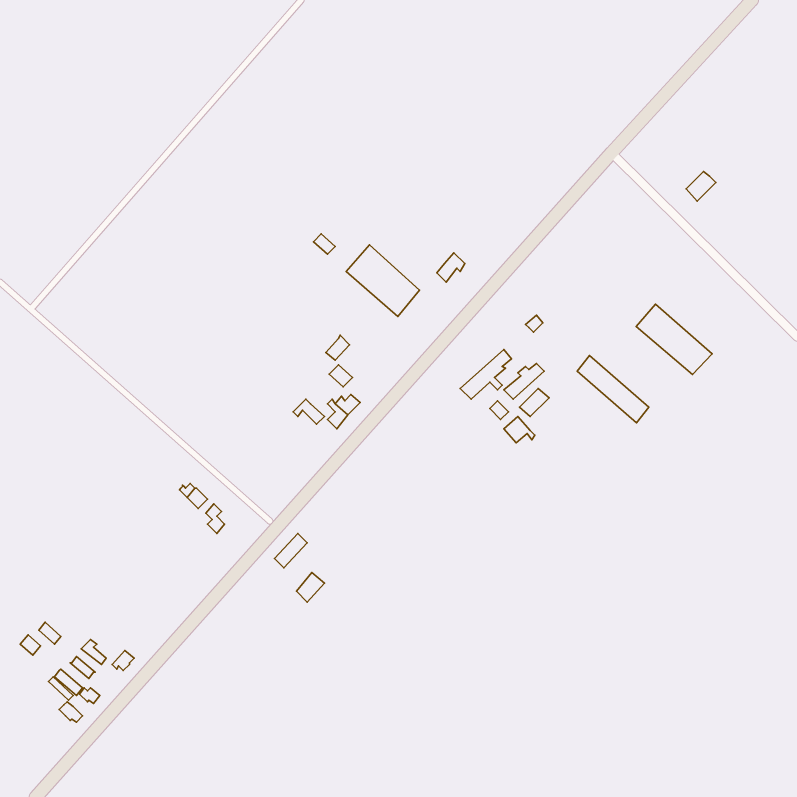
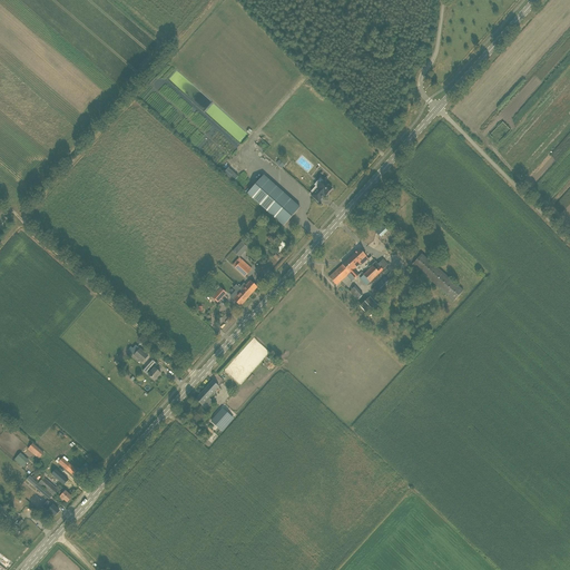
building: [636,304,712,375] -> none

